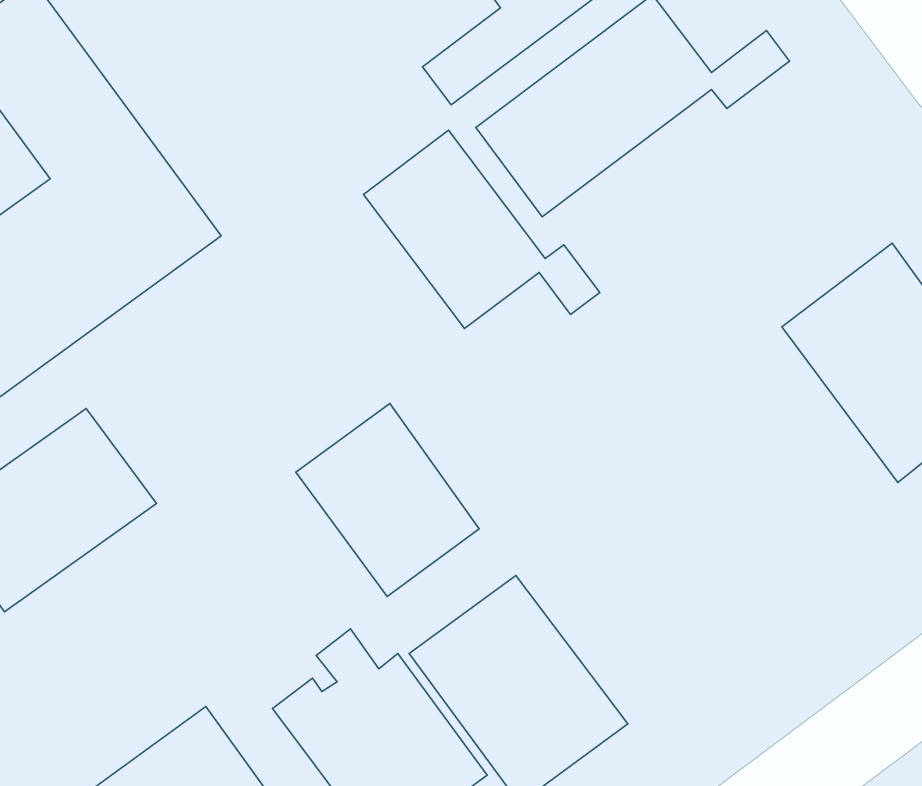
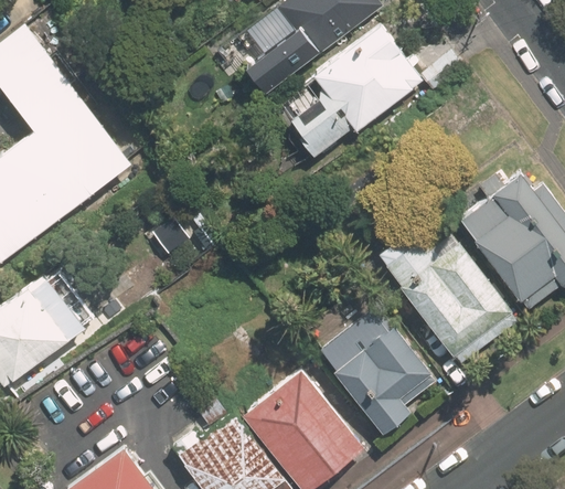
building: [364,130,600,329] -> none
building: none -> [377,230,512,360]
building: [296,403,479,597] -> none
building: none -> [313,305,427,436]

